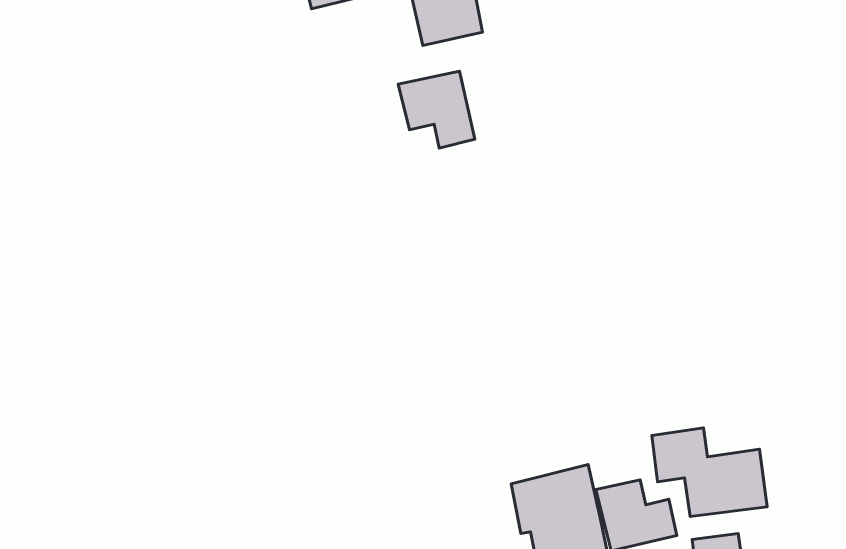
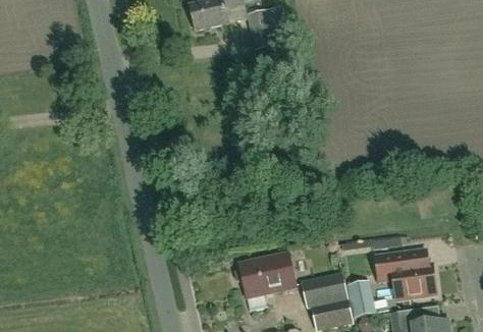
building: [398,71,475,148] -> none
building: none -> [234,253,296,297]

